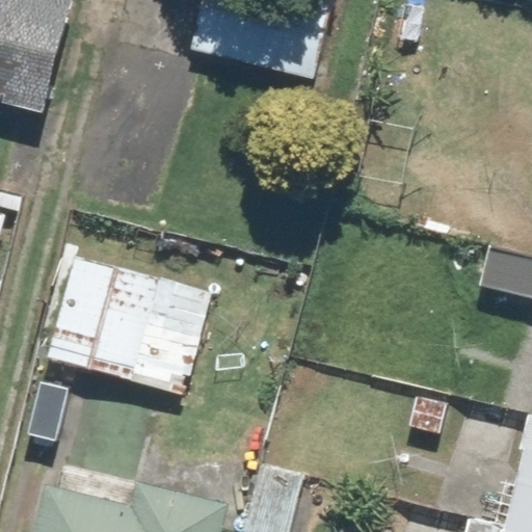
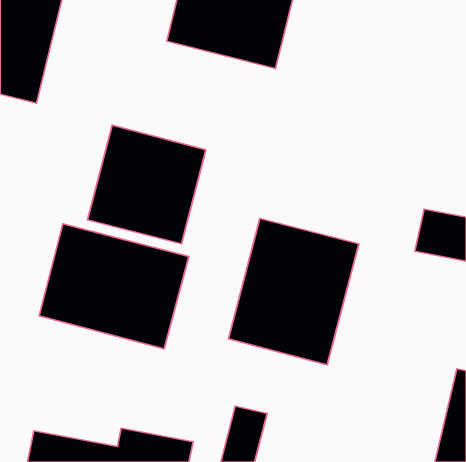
building: none -> [88,125,206,244]
building: none -> [229,218,359,365]

